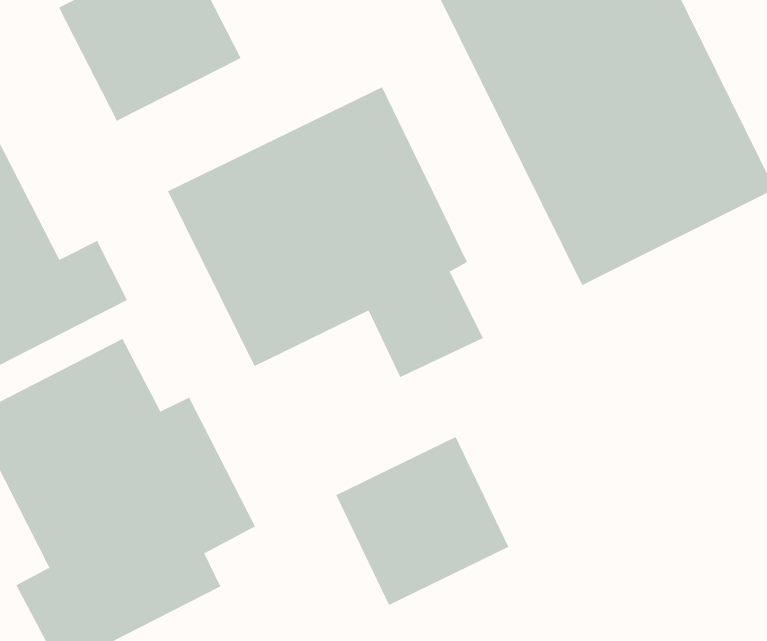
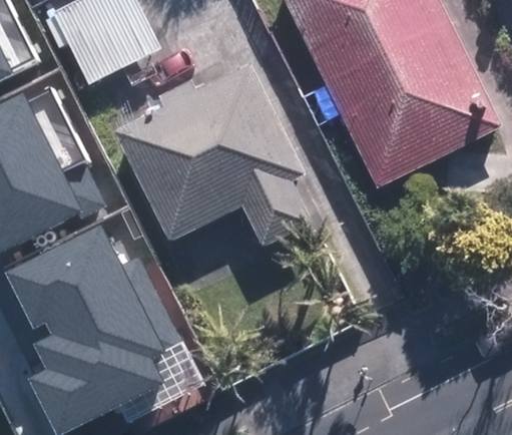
building: [336,436,509,606] -> none

